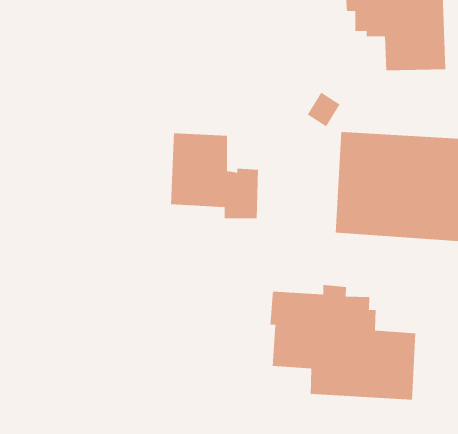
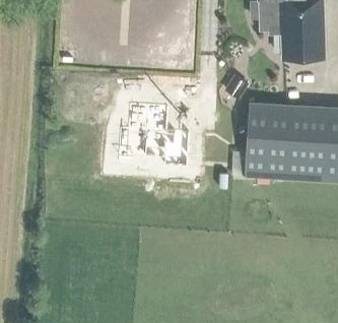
building: [270,284,416,400] -> none

